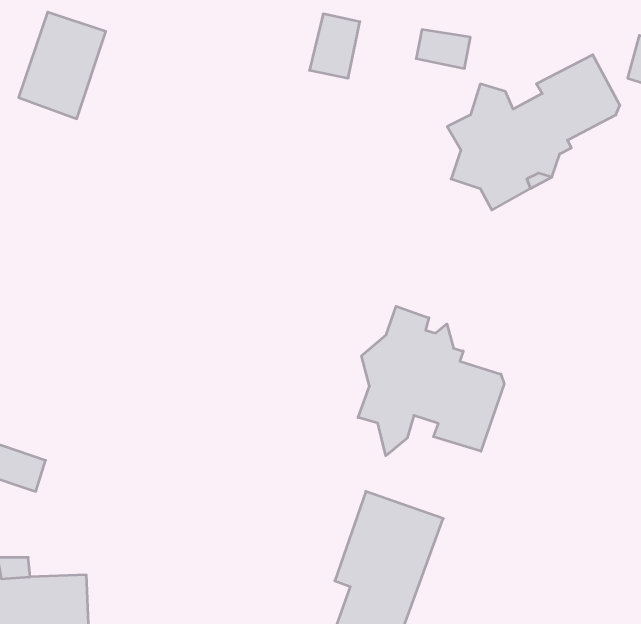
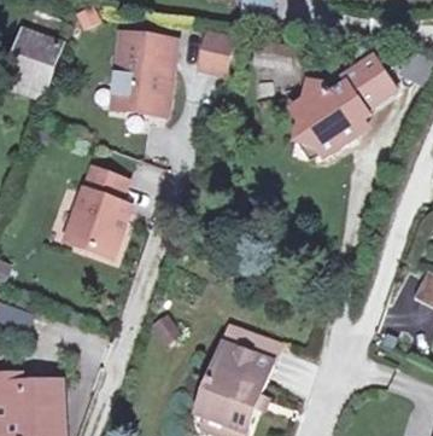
building: none -> [105,29,169,110]
building: none -> [62,165,127,256]
building: [358,306,504,456] -> none

